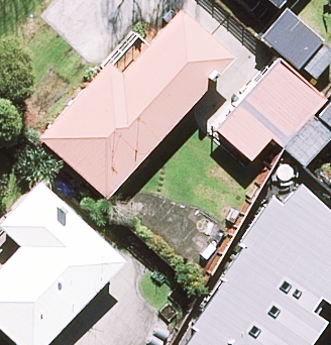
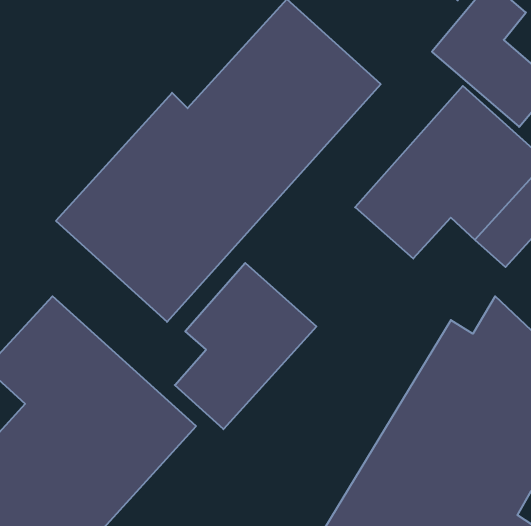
building: none -> [175,263,316,429]

